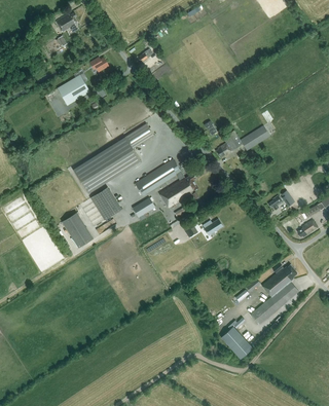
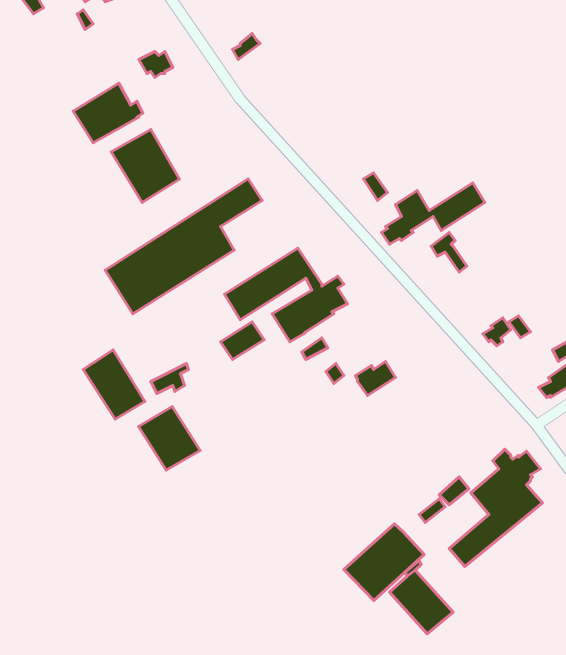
building: none -> [111,129,180,203]
building: [90,187,122,220] -> [138,407,200,470]
building: none -> [344,524,424,600]

